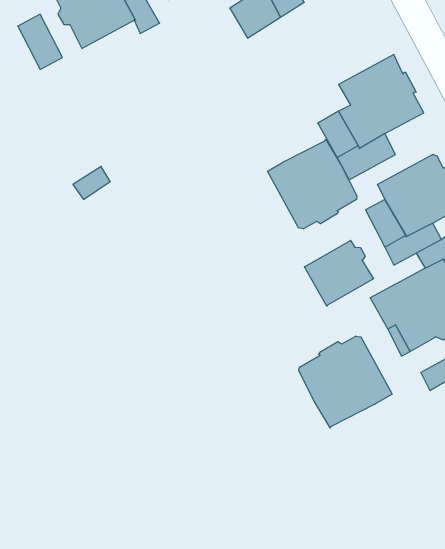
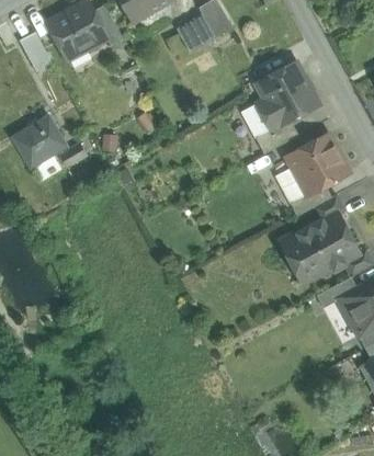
building: none -> [15,117,67,167]
building: [268,139,357,229] -> none
building: [304,240,374,306] -> none
building: [299,336,392,428] -> none

